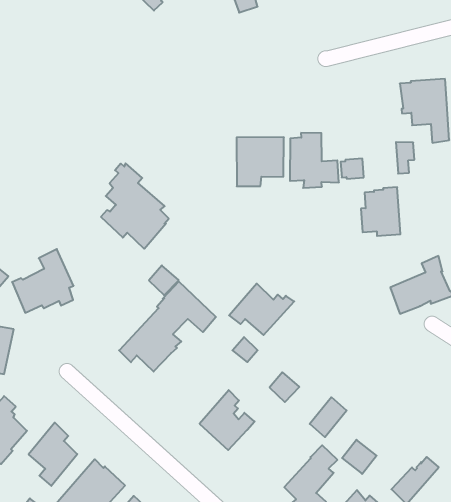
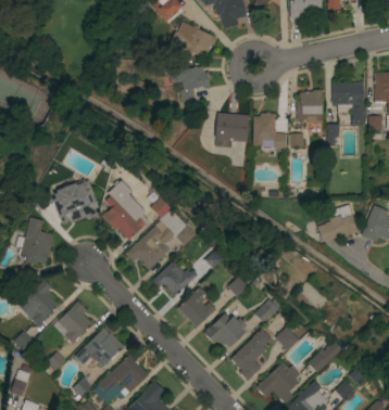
building: none -> [180,22,217,56]
building: none -> [170,66,211,103]
building: [101,163,169,249] -> [101,180,148,240]
building: [361,187,400,236] -> [298,90,324,123]
building: [229,284,294,335] -> [152,260,198,296]
building: none -> [204,313,247,347]

